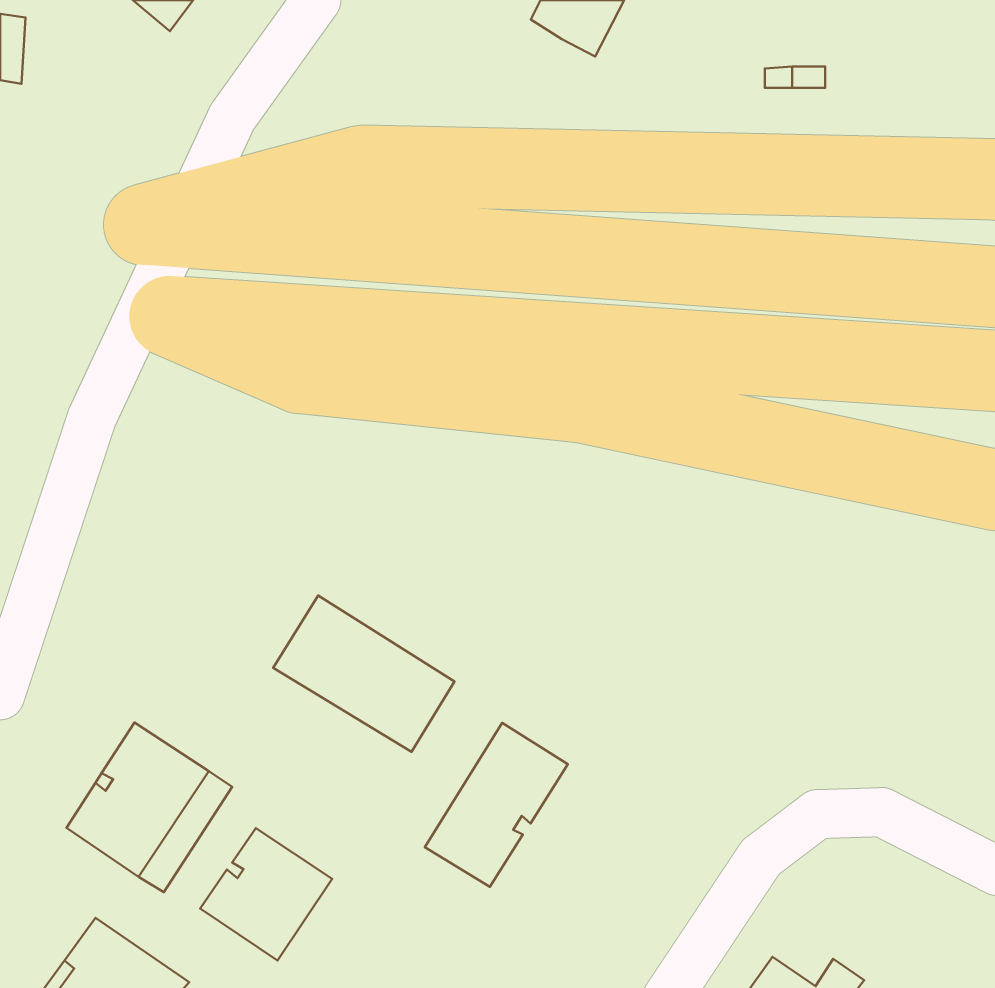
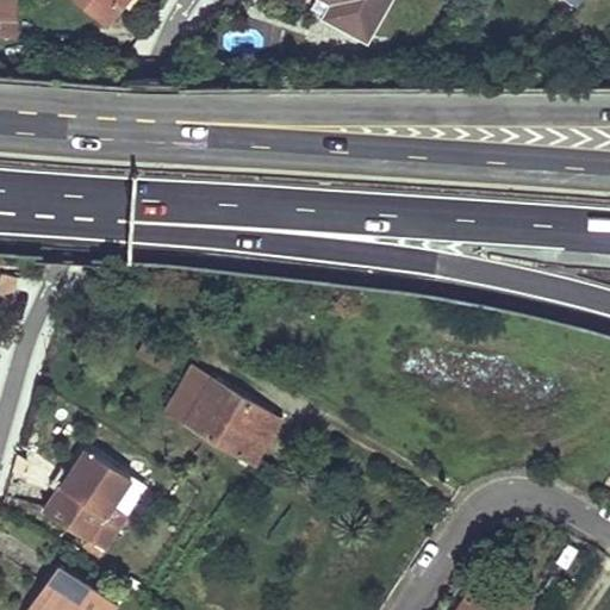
building: [425,723,568,887] -> none
building: [200,828,332,961] -> none

